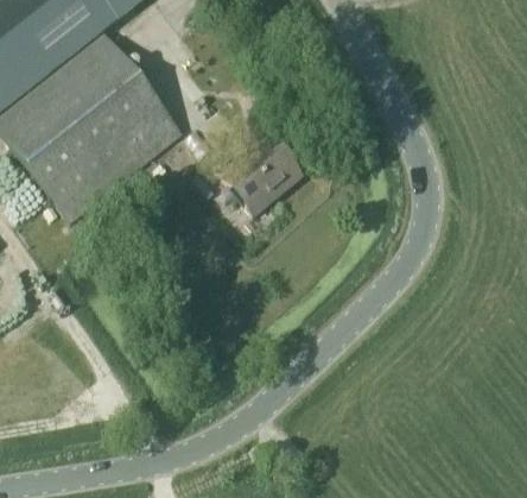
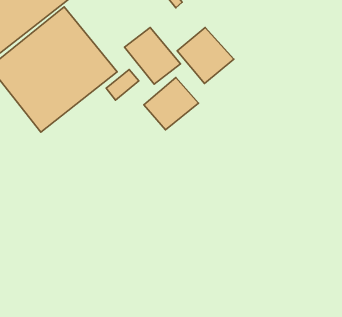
building: none -> [125,27,181,84]
building: none -> [177,28,234,83]

